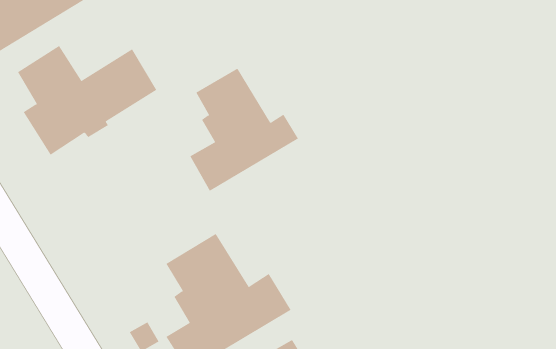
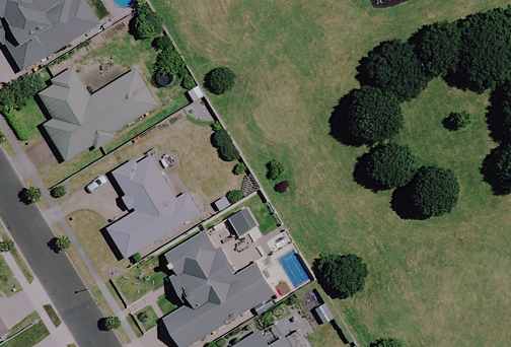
building: [189,68,299,191] -> [105,152,200,259]

